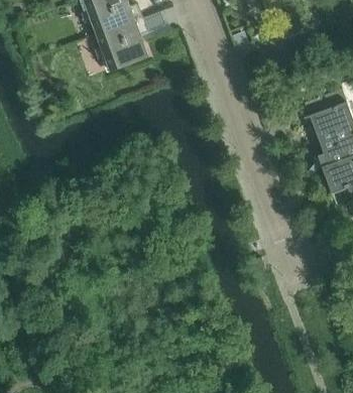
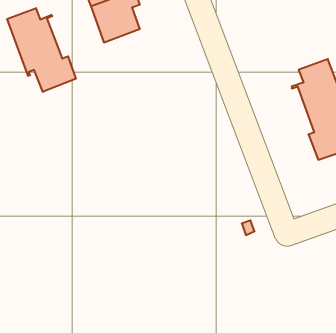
building: none -> [7,8,76,92]

